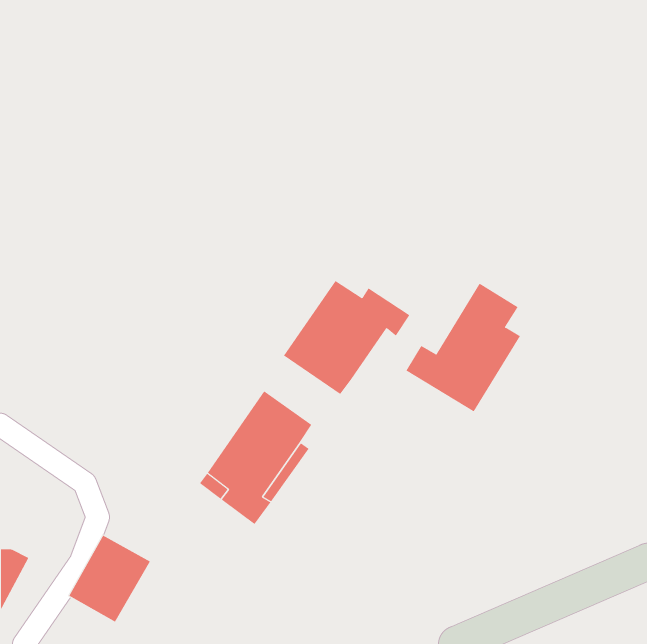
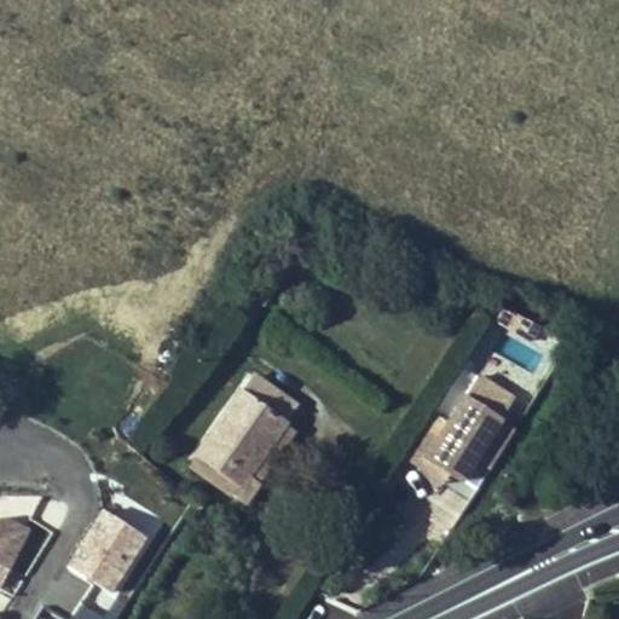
building: [283,280,410,395] -> none
building: [406,283,521,412] -> [407,372,517,496]

